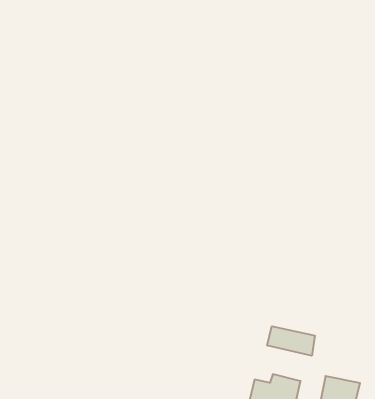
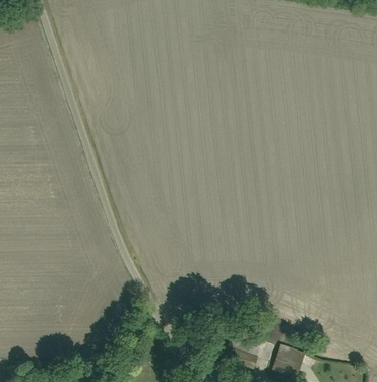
building: [267,326,315,356] -> none

